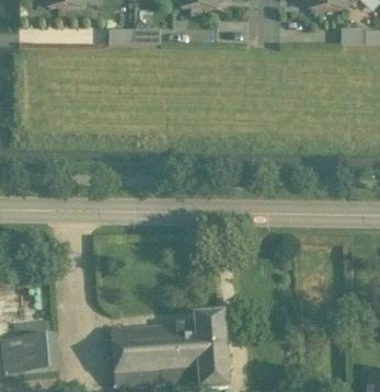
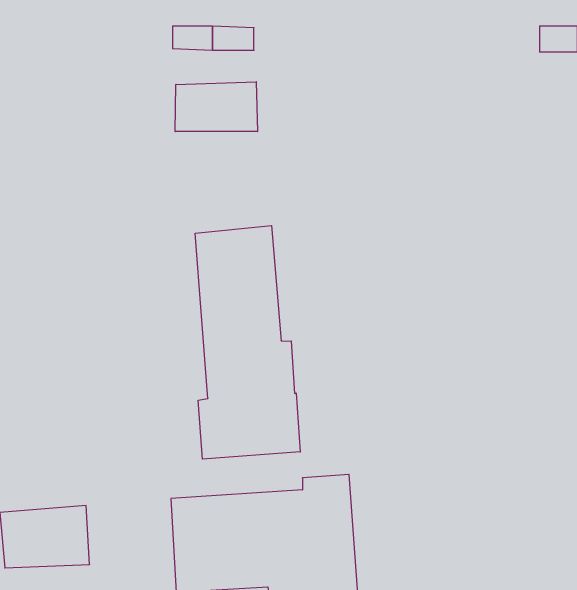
building: none -> [175,82,257,132]
building: none -> [195,226,300,459]

